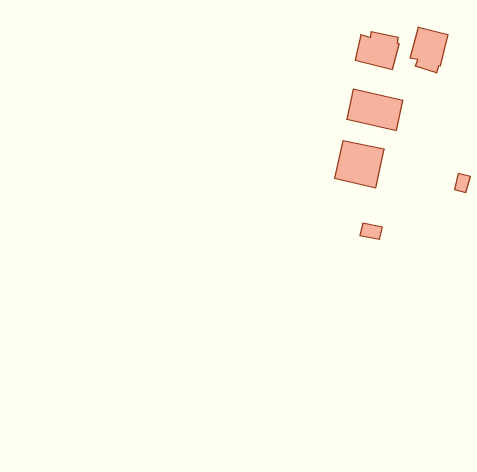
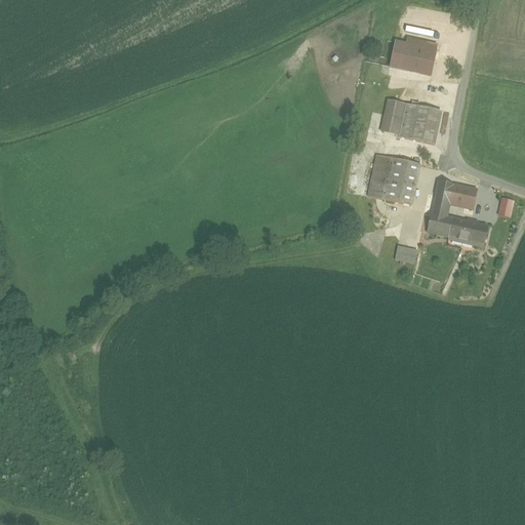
building: [410,27,448,73] -> none
building: none -> [426,177,490,246]

